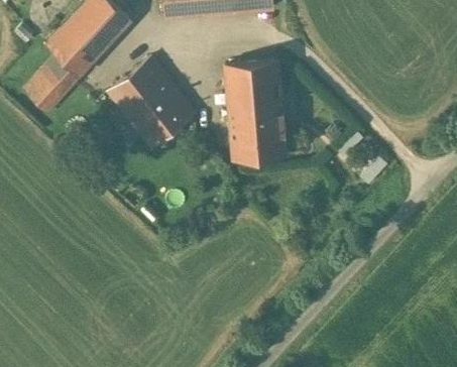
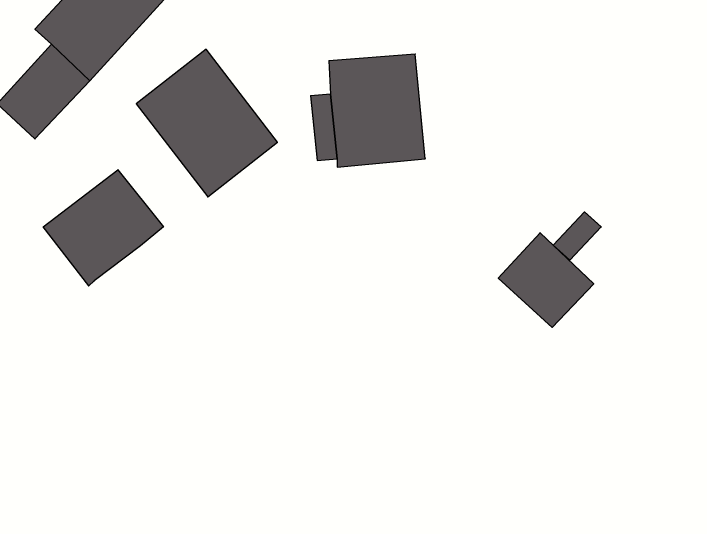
building: [230,124,285,160] -> none
building: none -> [43,170,163,286]
building: none -> [498,233,594,327]

